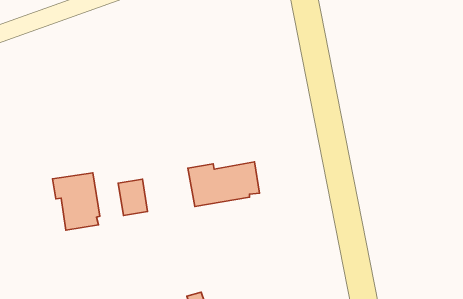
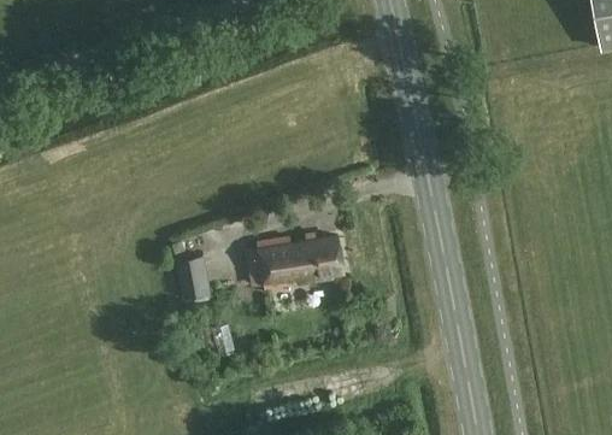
building: [52,173,100,230] -> none

